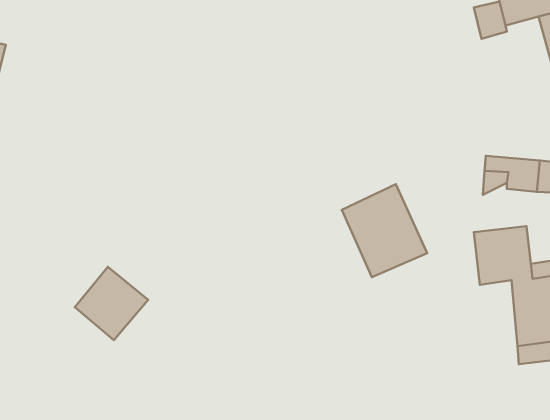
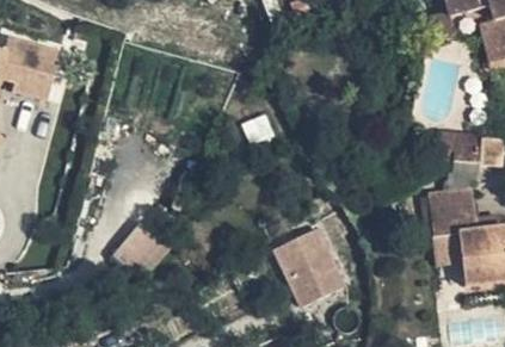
building: [342,184,427,277] -> [272,229,340,303]

